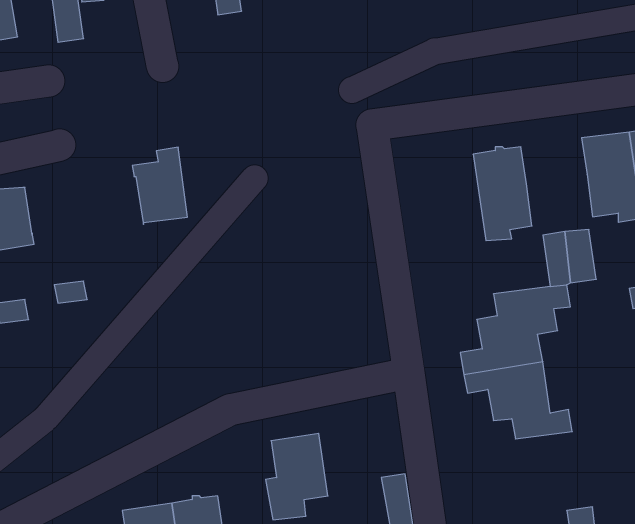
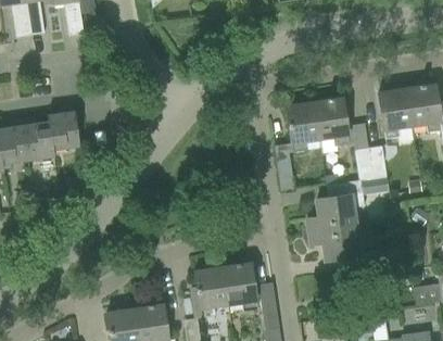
building: [132,147,187,224] -> [48,103,80,149]
building: none -> [275,101,322,190]
building: none -> [224,262,258,310]

